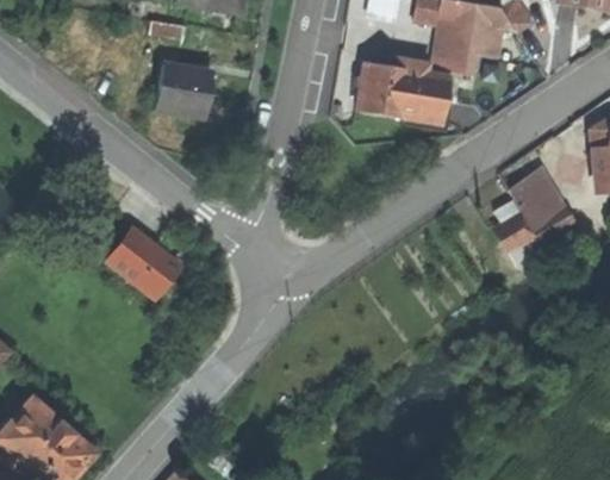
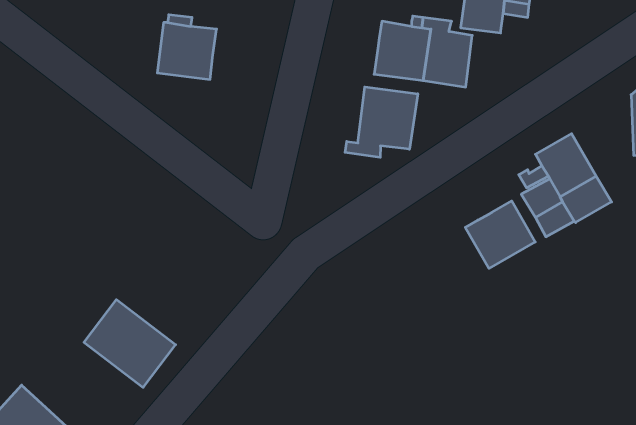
building: none -> [345,87,418,157]
building: [93,218,178,299] -> [84,300,176,387]
building: none -> [465,201,535,268]

